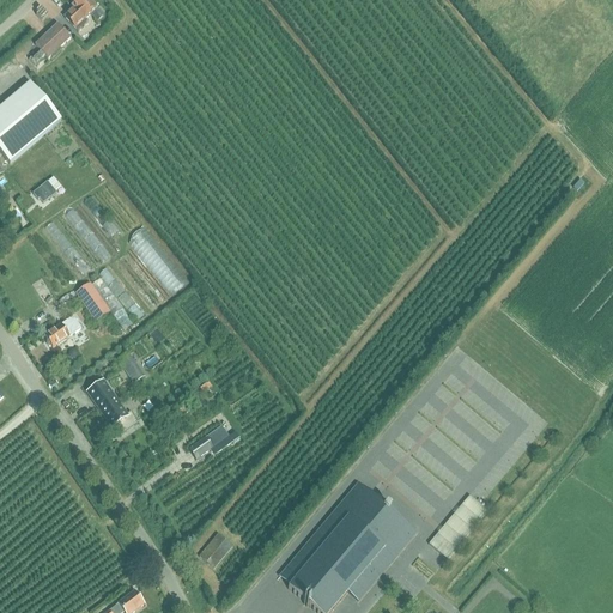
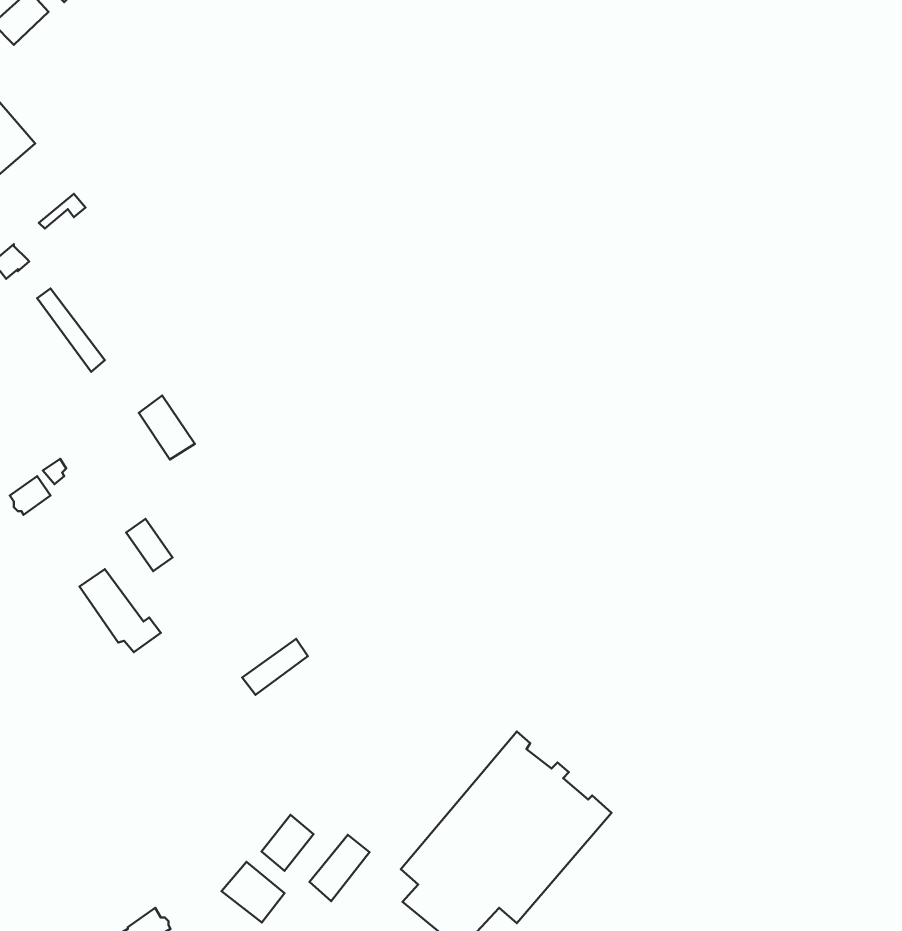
building: [77,279,111,318] -> [139,396,195,459]
building: none -> [310,835,370,901]
building: none -> [221,862,285,922]

